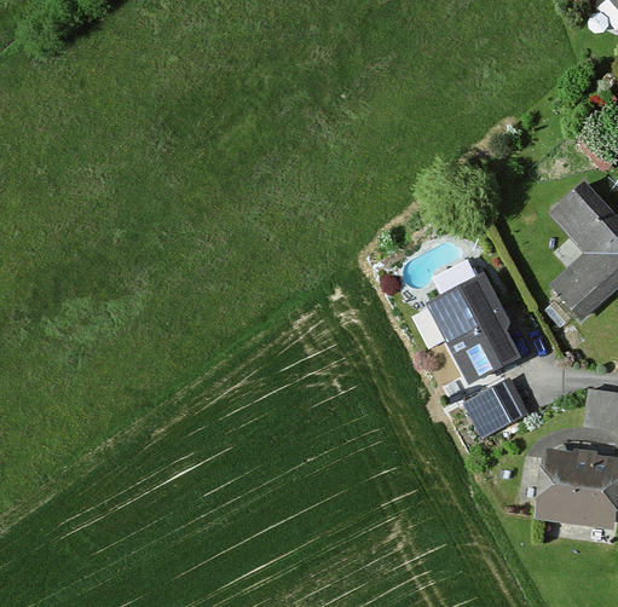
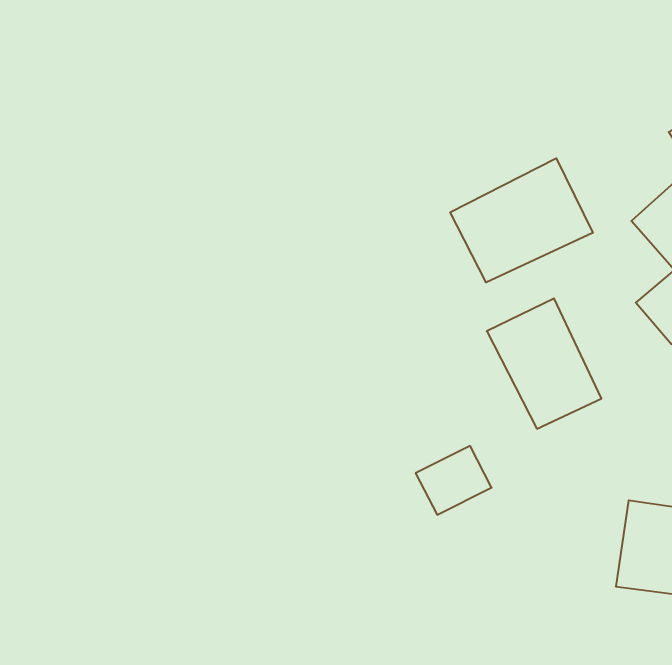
building: none -> [450,158,593,282]
building: [464,376,529,434] -> [416,446,492,515]

